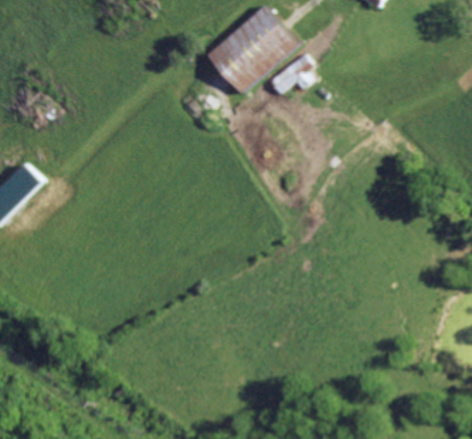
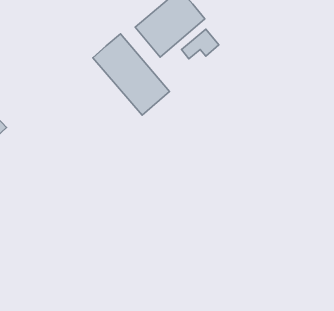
building: none -> [93,34,170,115]

